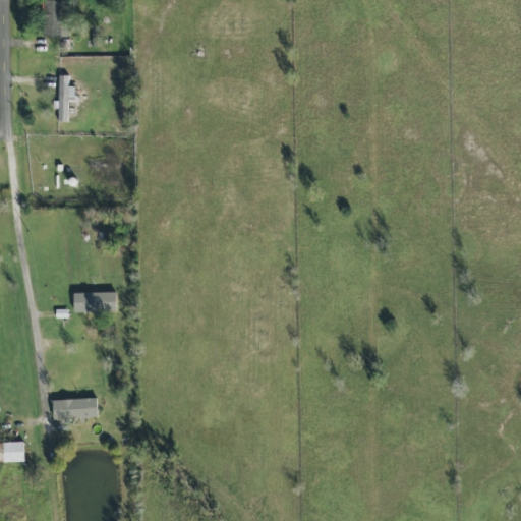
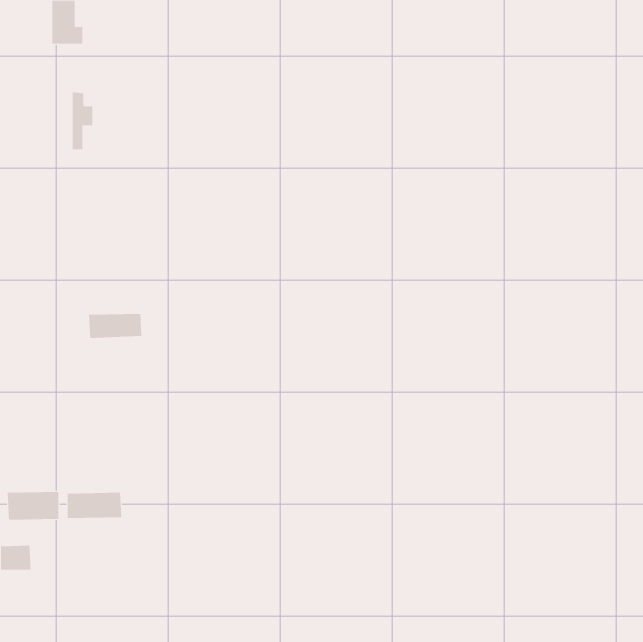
building: [73,292,117,312] -> [88,313,142,339]
building: none -> [7,491,59,521]

